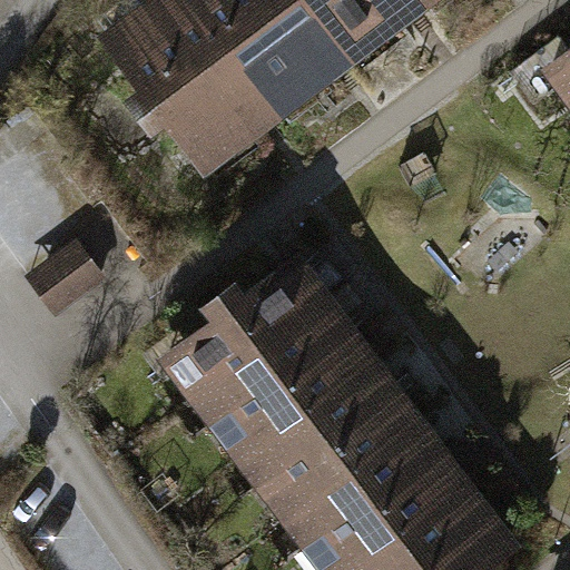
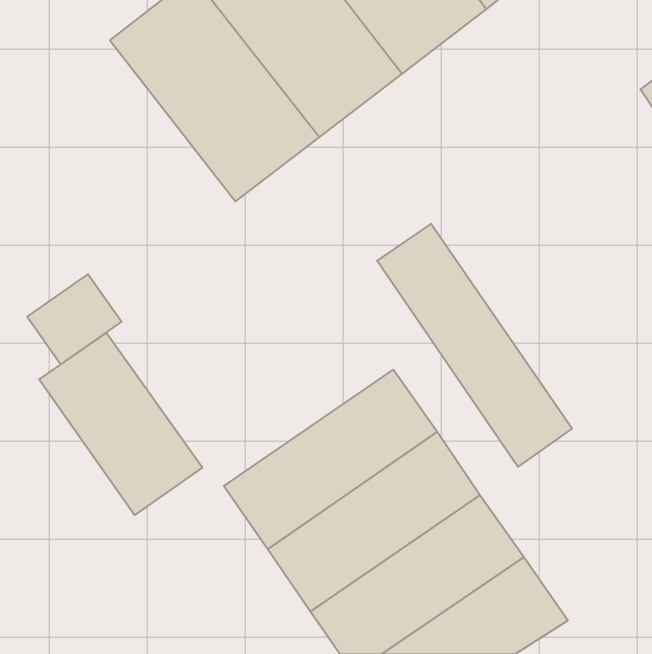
building: none -> [377,224,572,467]
building: [163,265,346,419] -> none
building: none -> [39,333,202,515]

